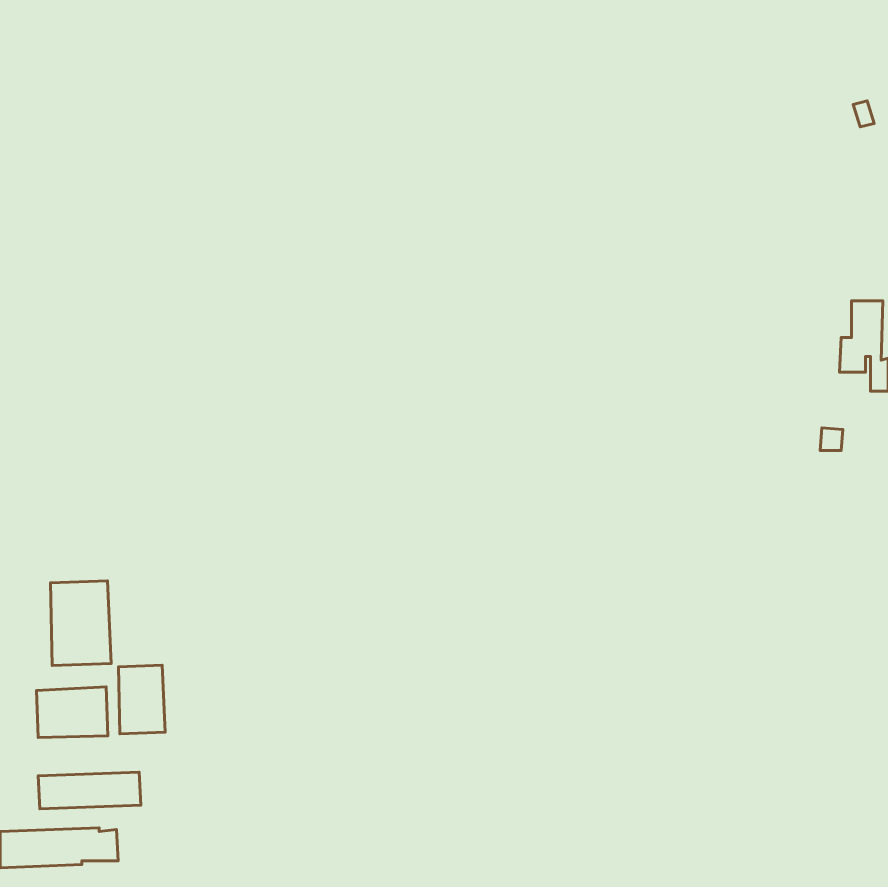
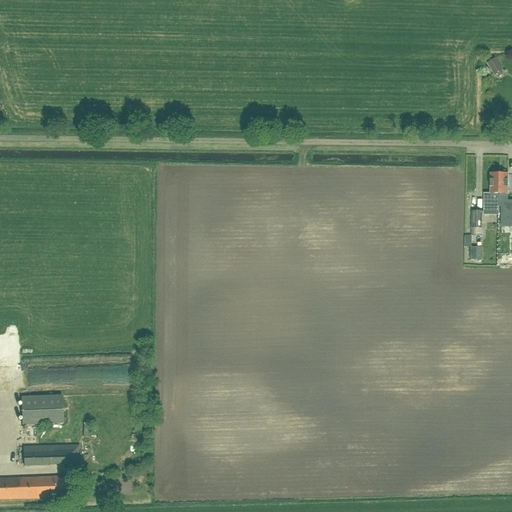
building: [50,581,111,665] -> none
building: [118,665,165,734] -> none

